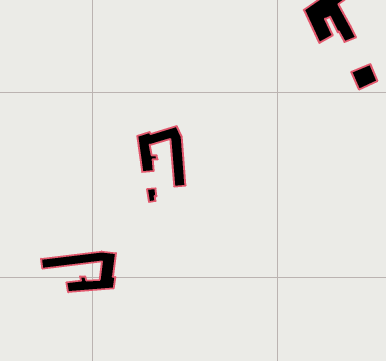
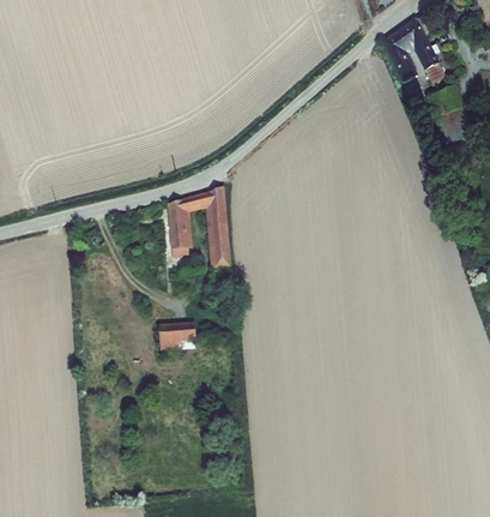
building: none -> [159,320,196,351]
building: [41,251,116,292] -> none

